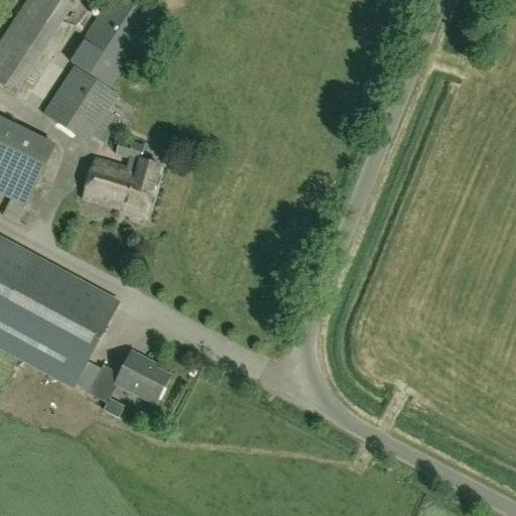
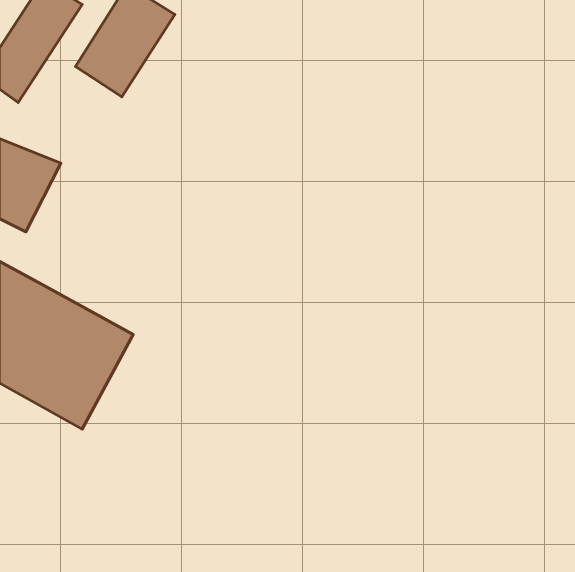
building: [43,67,117,142] -> none
building: [82,139,159,215] -> none
building: [88,352,168,402] -> none

